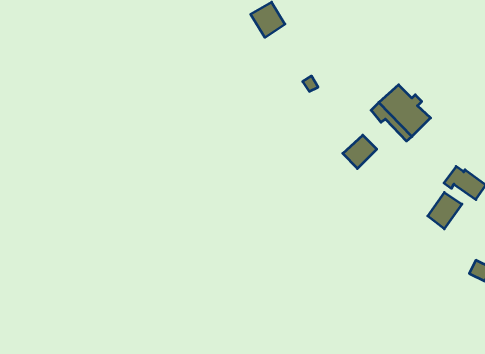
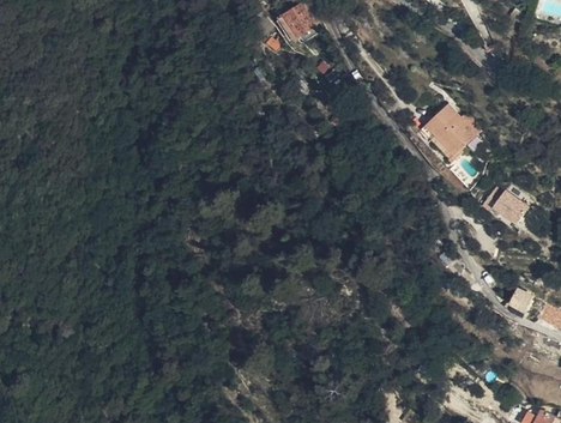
building: [343,135,377,169] -> none
building: [428,192,462,229] -> none

